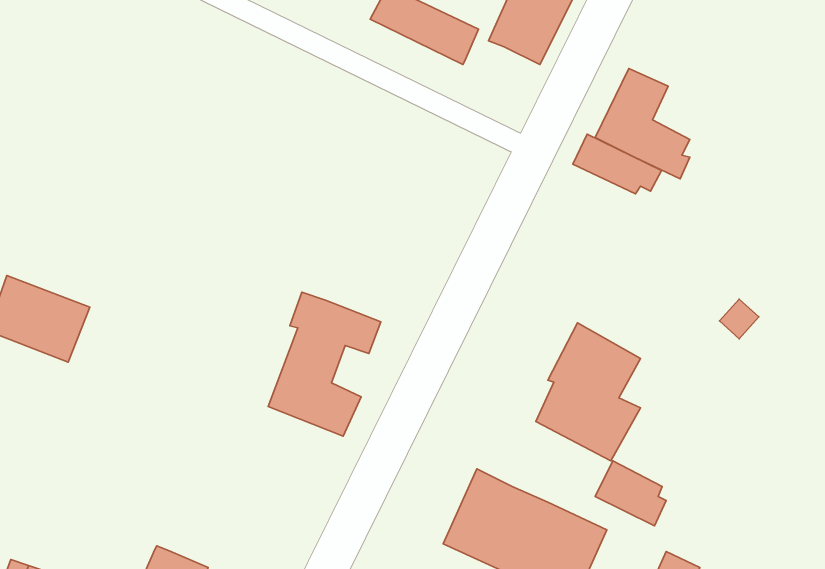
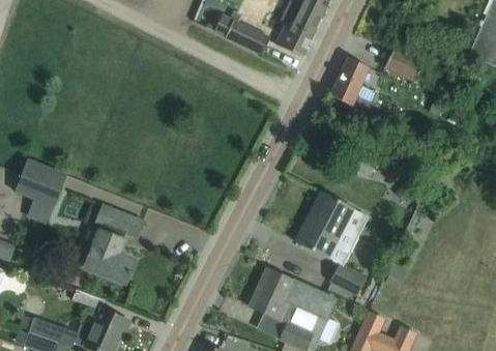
building: none -> [384,49,421,83]
building: [573,134,662,194] -> none
building: [268,292,381,436] -> [85,206,144,282]

